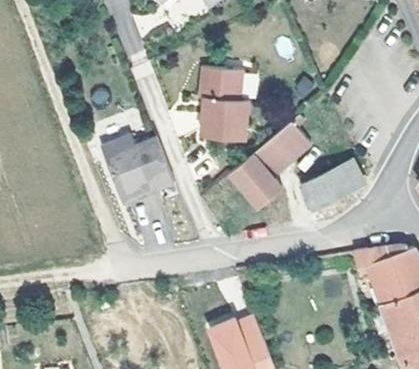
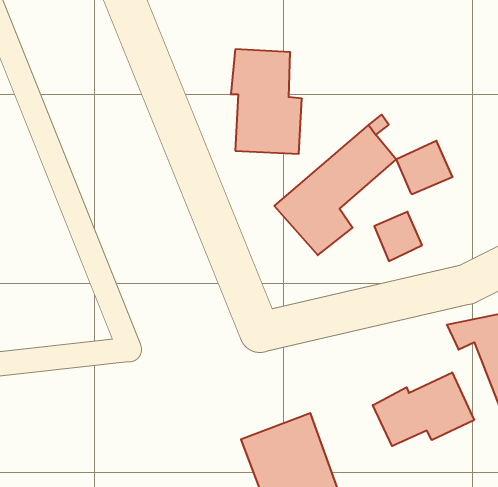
building: [98,133,172,203] -> none
building: [322,164,361,201] -> [396,141,453,194]
building: none -> [373,372,474,446]

